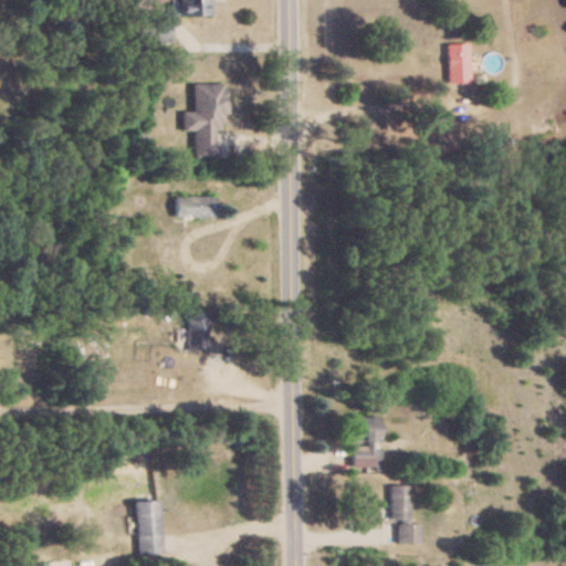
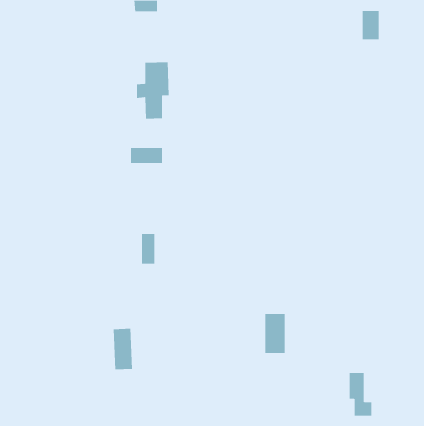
building: [449,43,472,82] -> [362,11,380,40]
building: [390,485,421,543] -> [349,373,372,416]
building: [136,500,163,555] -> [113,328,133,370]

